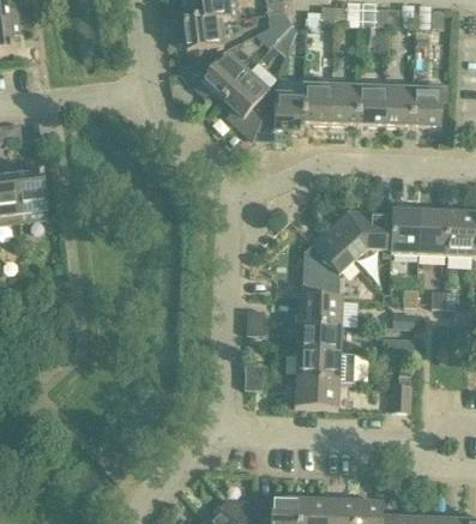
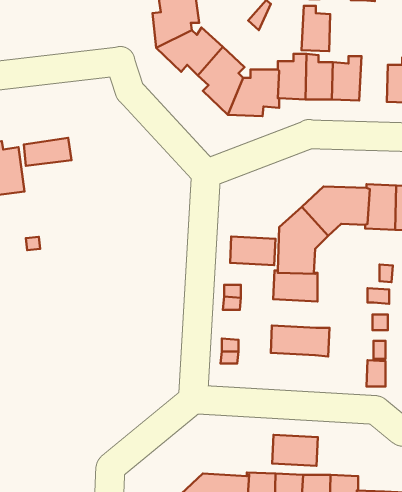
building: [385,79,414,125] -> [302,6,330,51]
building: none -> [24,138,72,166]
building: [297,323,343,351] -> [230,236,275,265]
building: [295,377,341,408] -> [272,435,318,466]

